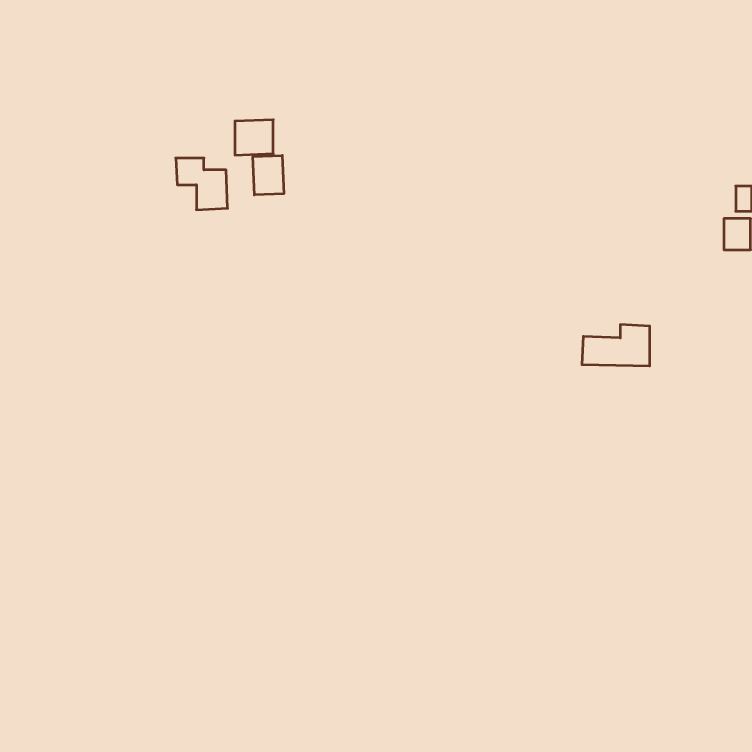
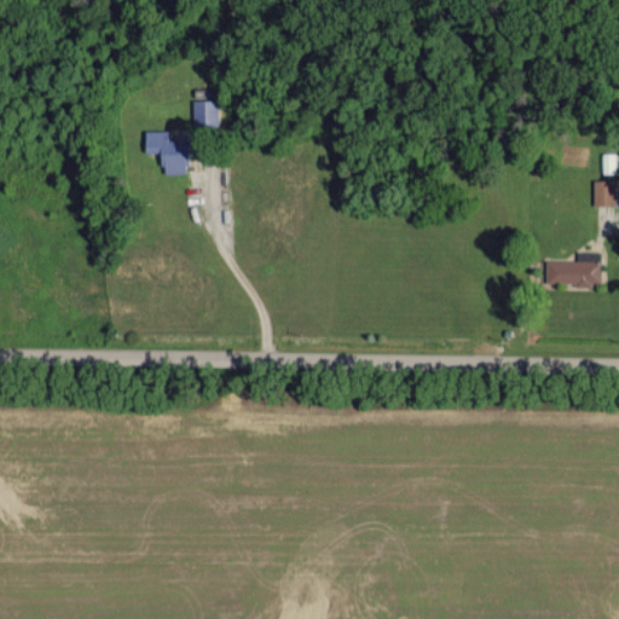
building: [253,155,284,195] -> none
building: [582,325,650,366] -> [546,251,602,285]

